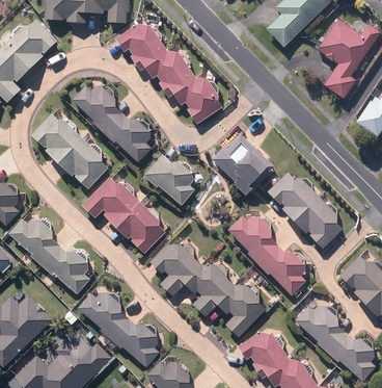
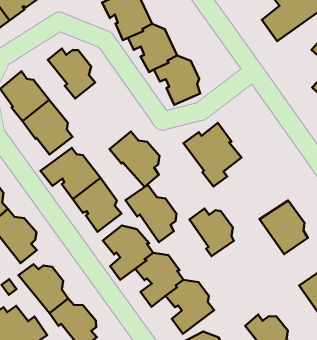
building: [104,113,151,160] -> none
building: [268,173,318,217] -> none
building: [254,241,304,293] -> [125,185,177,242]

